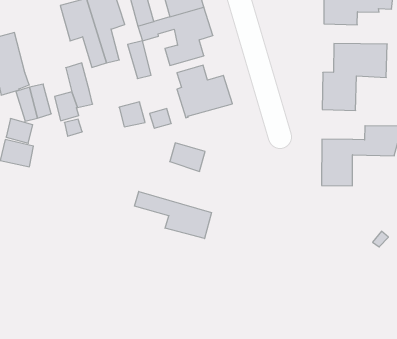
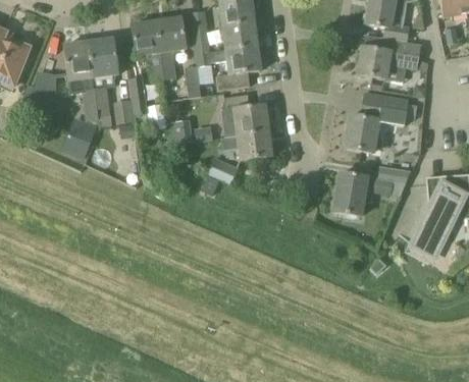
building: none -> [90,38,117,88]
building: none -> [226,129,271,159]
building: [135,191,211,239] -> none

